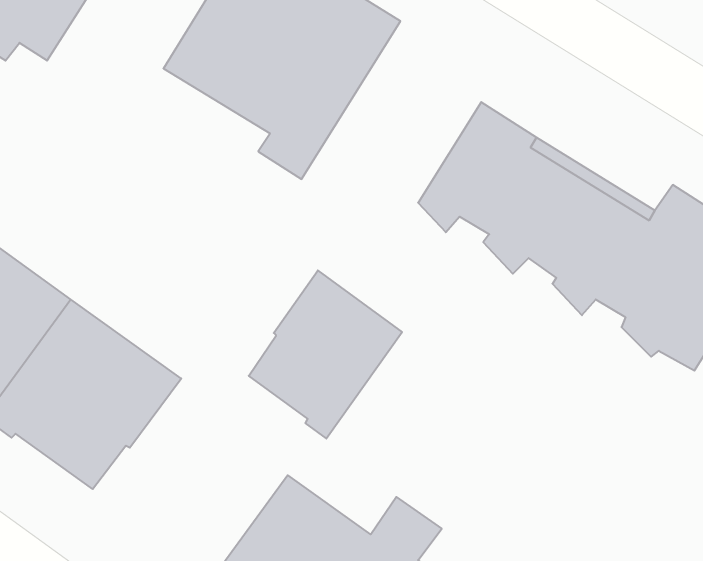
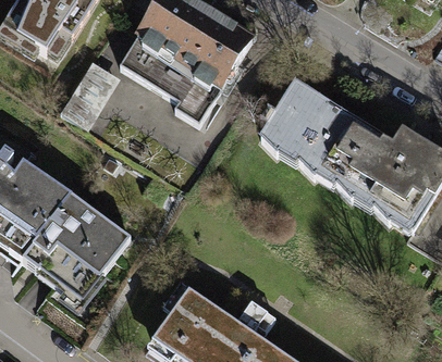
building: none -> [58,60,119,132]
building: [249,270,402,439] -> none

